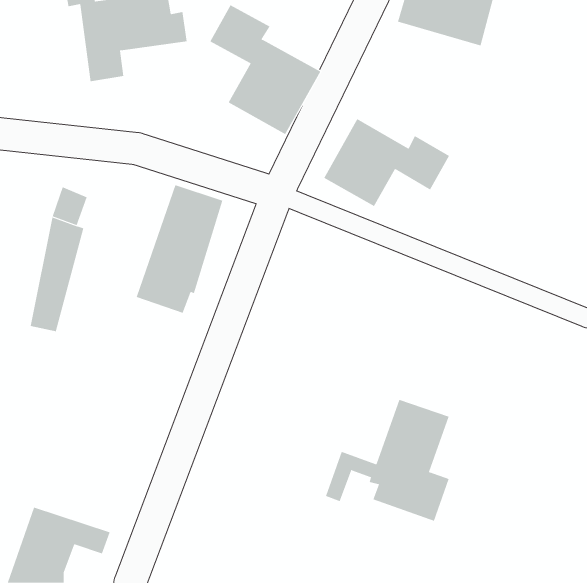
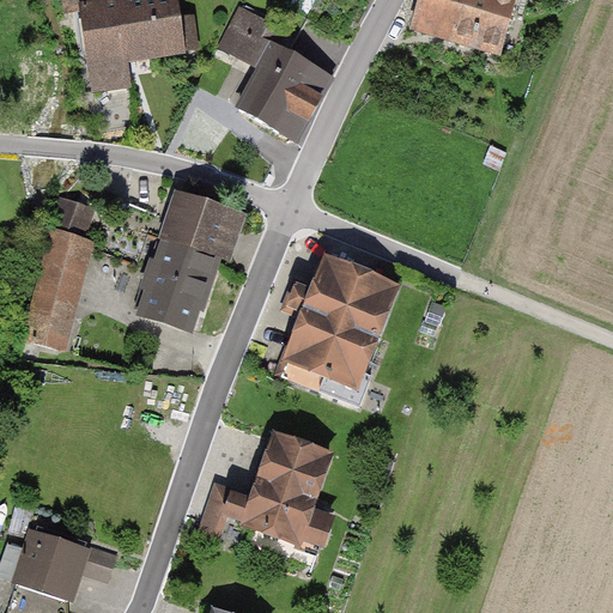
building: [323,118,450,207] -> none
building: none -> [283,257,394,402]
building: [325,399,450,521] -> [200,433,329,560]

